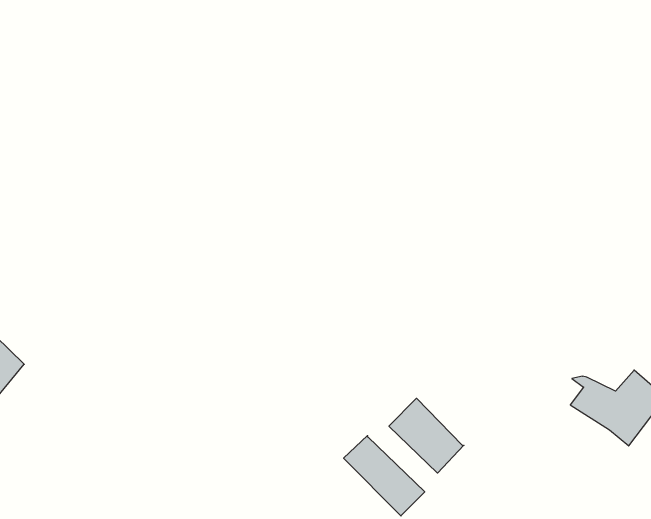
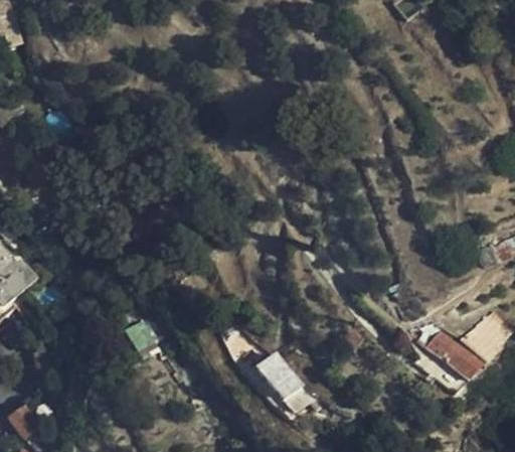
building: [389,398,464,473] -> none

